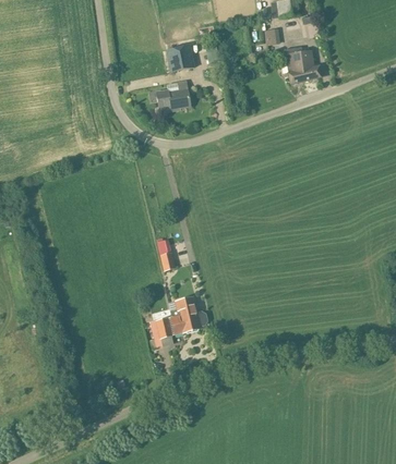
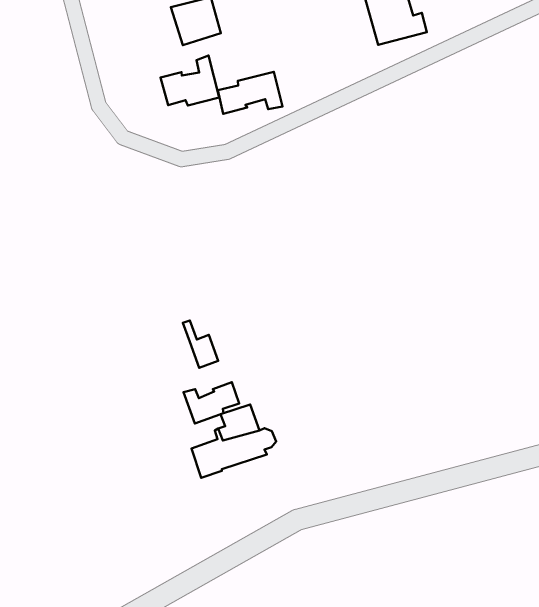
building: none -> [218,72,283,114]
building: none -> [184,382,239,423]

